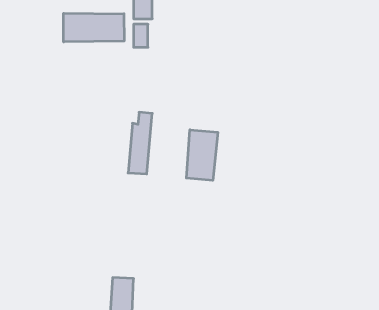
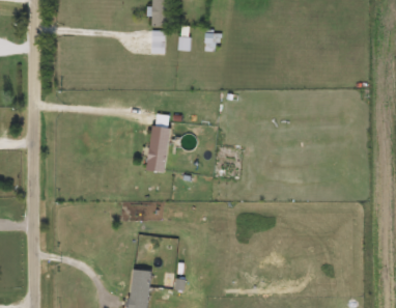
building: [64,13,124,42] -> none
building: [186,130,218,180] -> none

